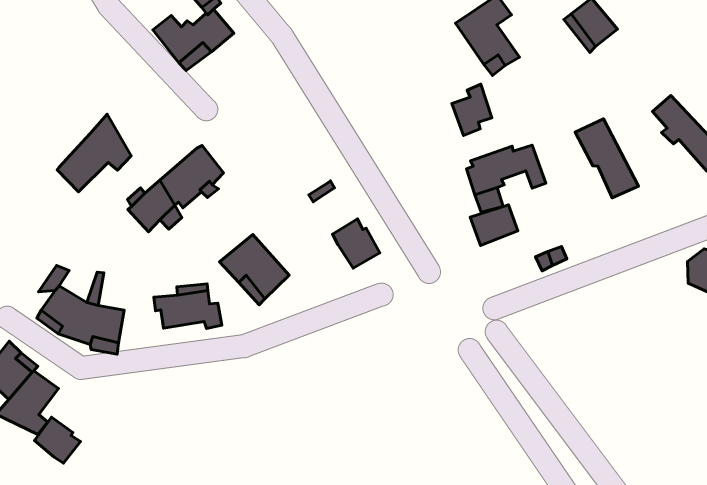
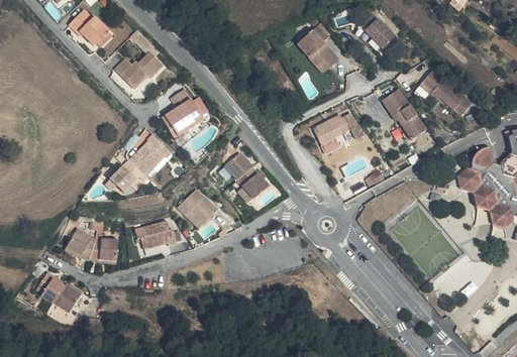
building: none -> [161,90,203,138]
building: [452,84,492,135] -> none
building: [57,114,131,192] -> none
building: none -> [224,153,252,182]
building: [470,205,518,246] -> none
building: [34,417,80,463] -> none

